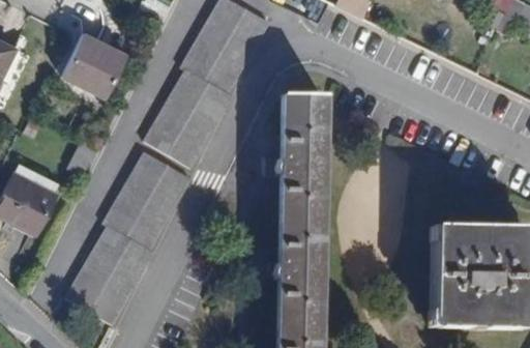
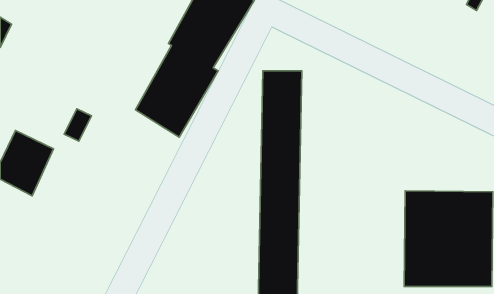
building: [62,33,125,95] -> none
building: [66,153,192,325] -> none

